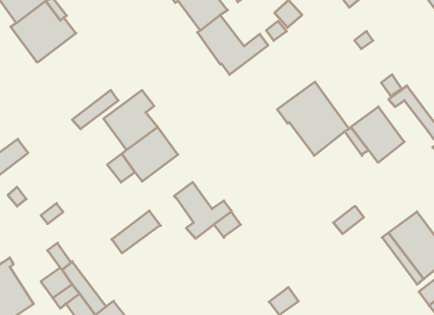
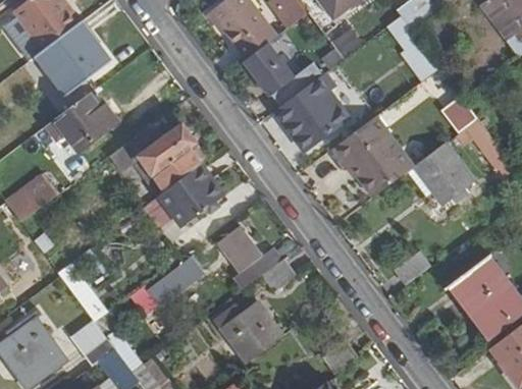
building: none -> [274,81,338,151]
building: none -> [42,92,117,155]
building: none -> [214,300,284,365]

